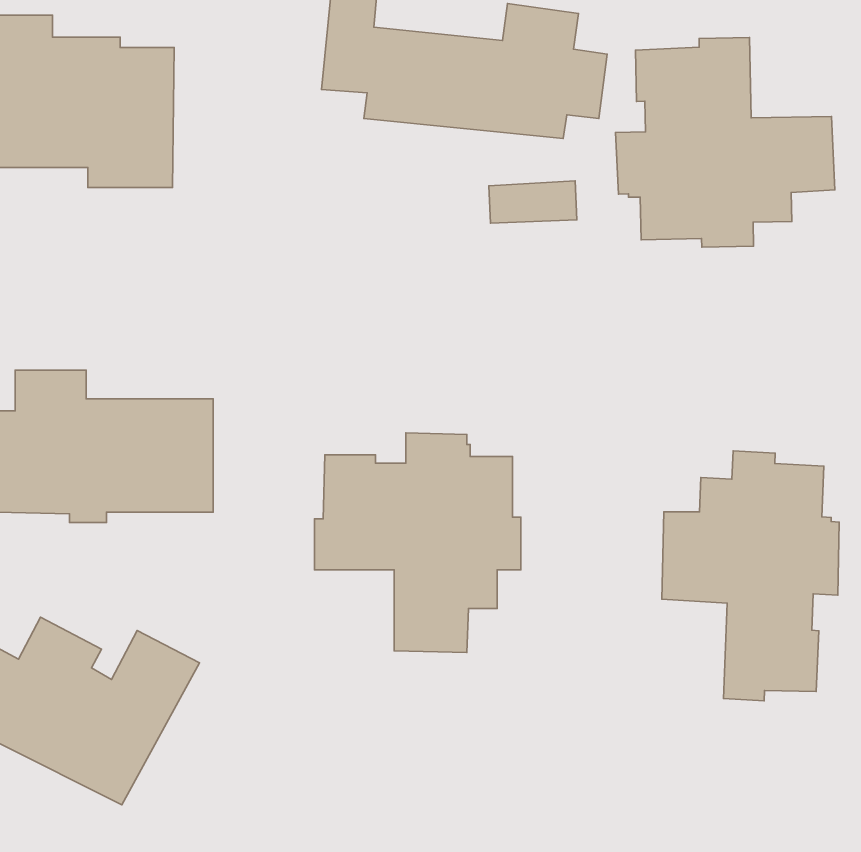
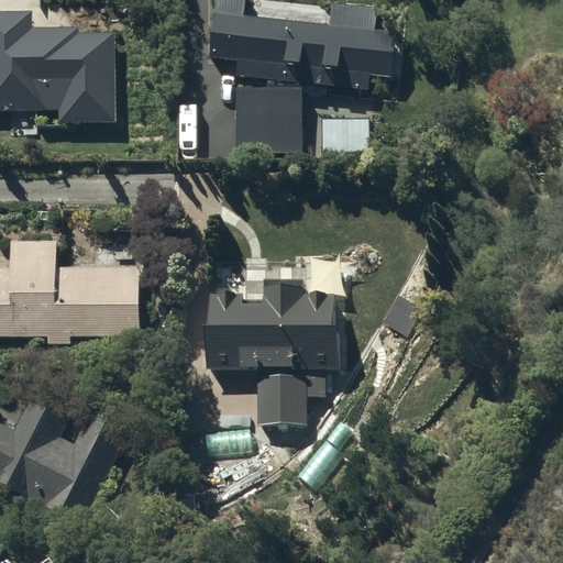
building: [615,38,835,247] -> none
building: none -> [234,88,301,152]
building: [662,451,839,701] -> none

